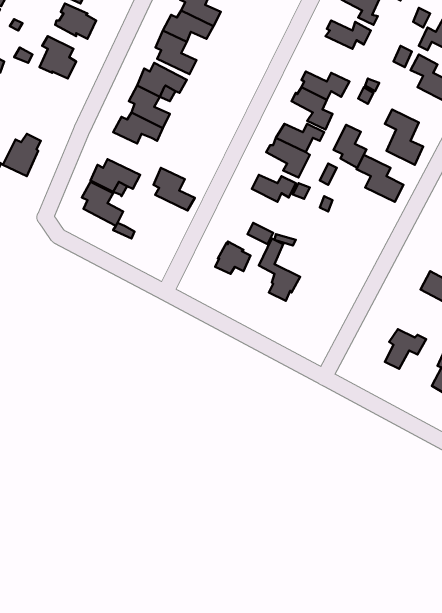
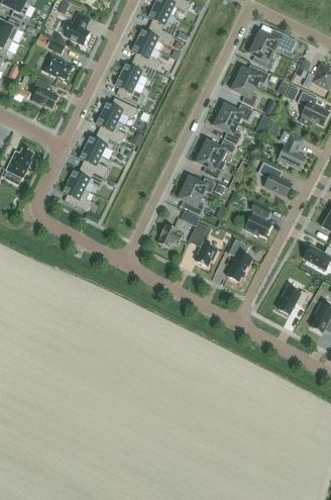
building: none -> [231,77,257,105]
building: [334,125,367,168] -> none
building: [154,168,195,210] -> [80,145,109,176]
building: none -> [178,186,204,214]
building: none -> [245,201,271,235]
building: none -> [227,237,252,281]

